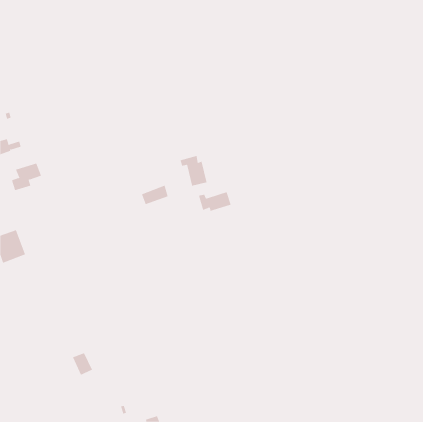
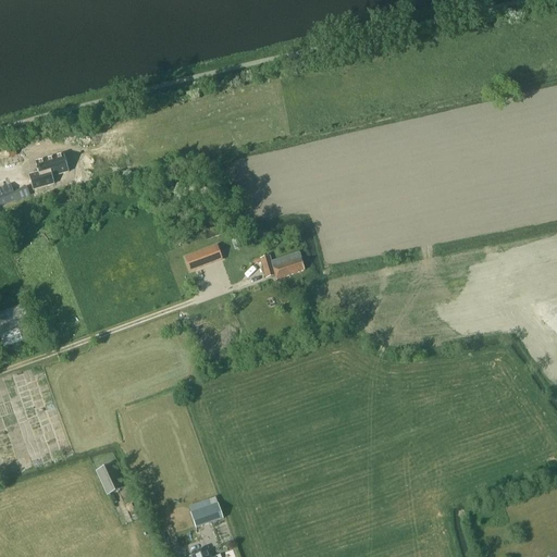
building: [180,155,207,187] -> none
building: [11,163,42,191] -> [27,153,67,190]
building: none -> [187,496,222,527]

